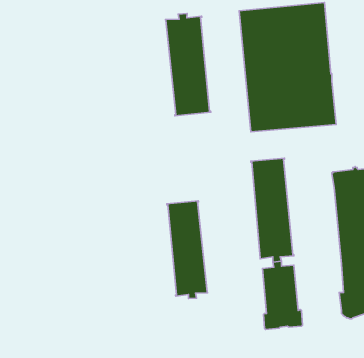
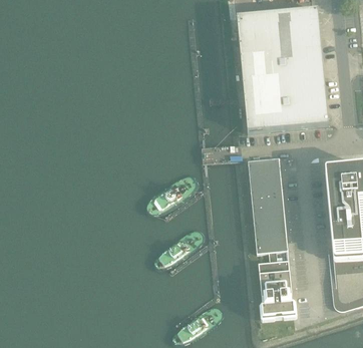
building: [166,13,211,116] -> none
building: [167,201,207,299] -> none

